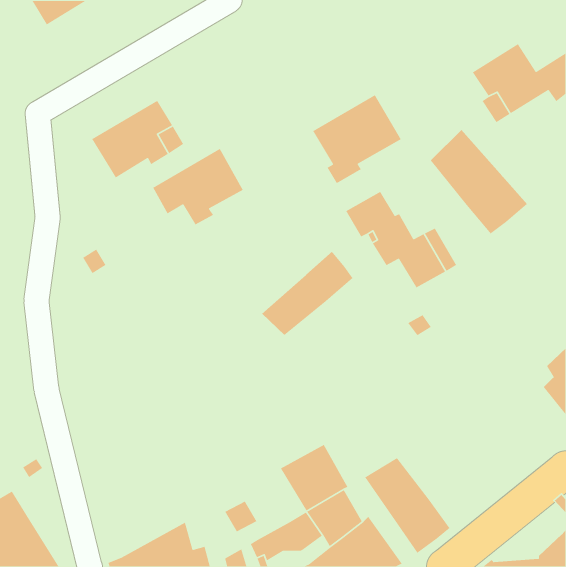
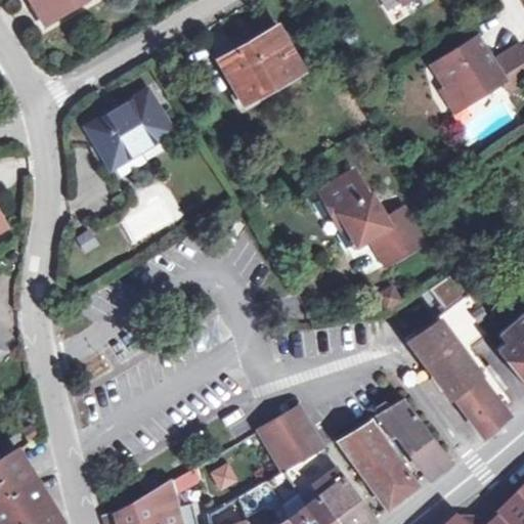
building: [312,94,402,184] -> [221,29,304,112]
building: [430,129,528,235] -> none
building: [152,148,244,225] -> none
building: [261,251,354,336] -> none
building: none -> [408,292,509,438]
building: none -> [374,400,448,479]

